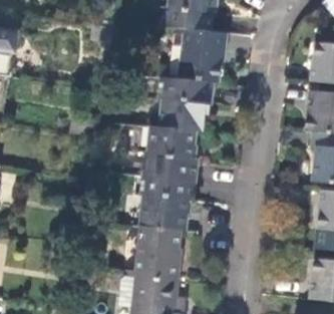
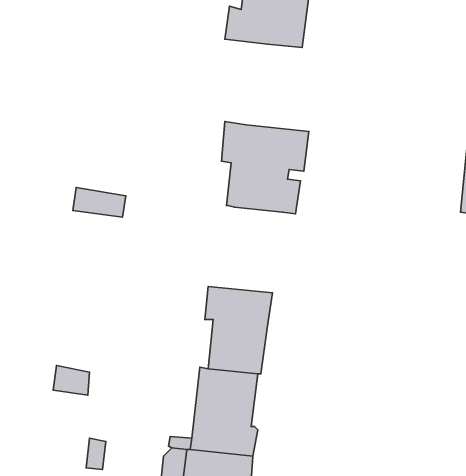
building: [174,29,227,82] -> none
building: [148,126,197,182] -> none

